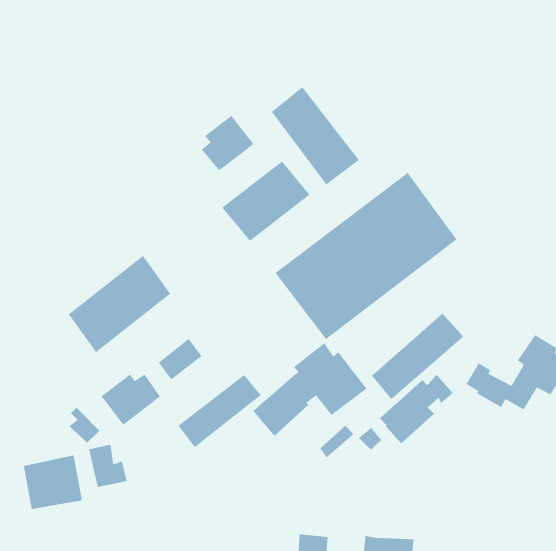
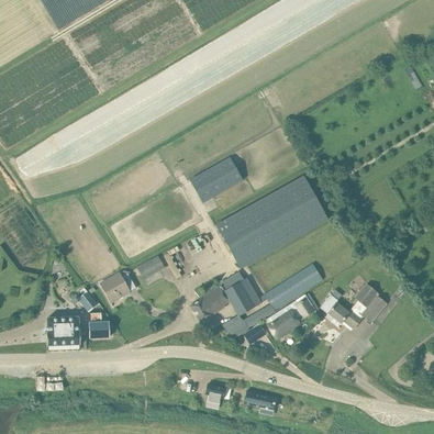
building: [271,86,360,186] -> none
building: [201,115,254,171] -> none
building: [68,255,171,353] -> none
building: [177,374,262,448] -> none

